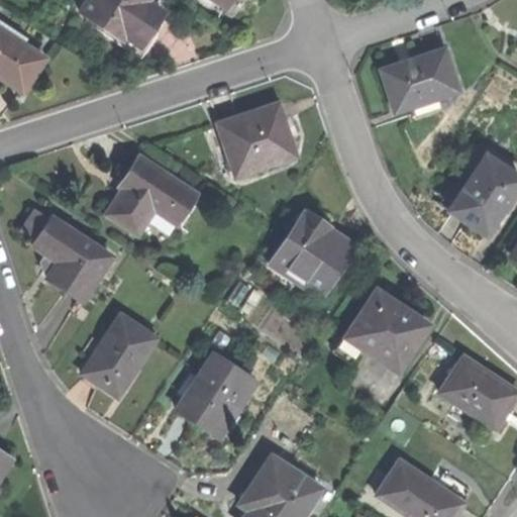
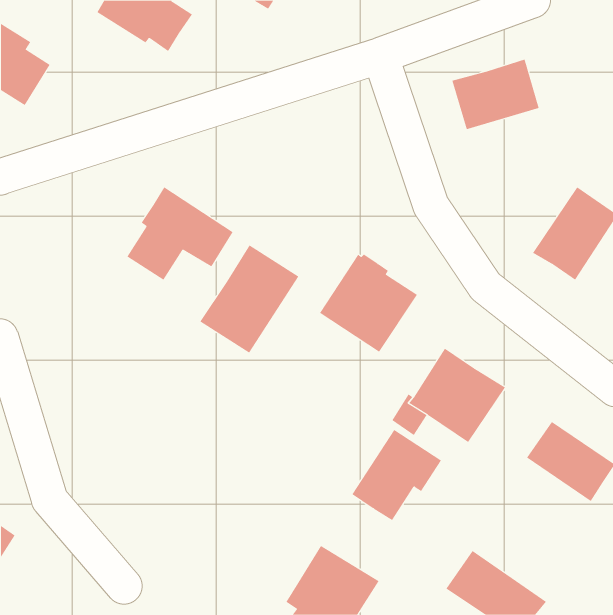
building: [220,103,295,165] -> none
building: none -> [199,244,299,354]
building: [34,219,110,301] -> none
building: [83,316,157,398] -> none
building: [180,355,255,432] -> [352,429,442,521]

